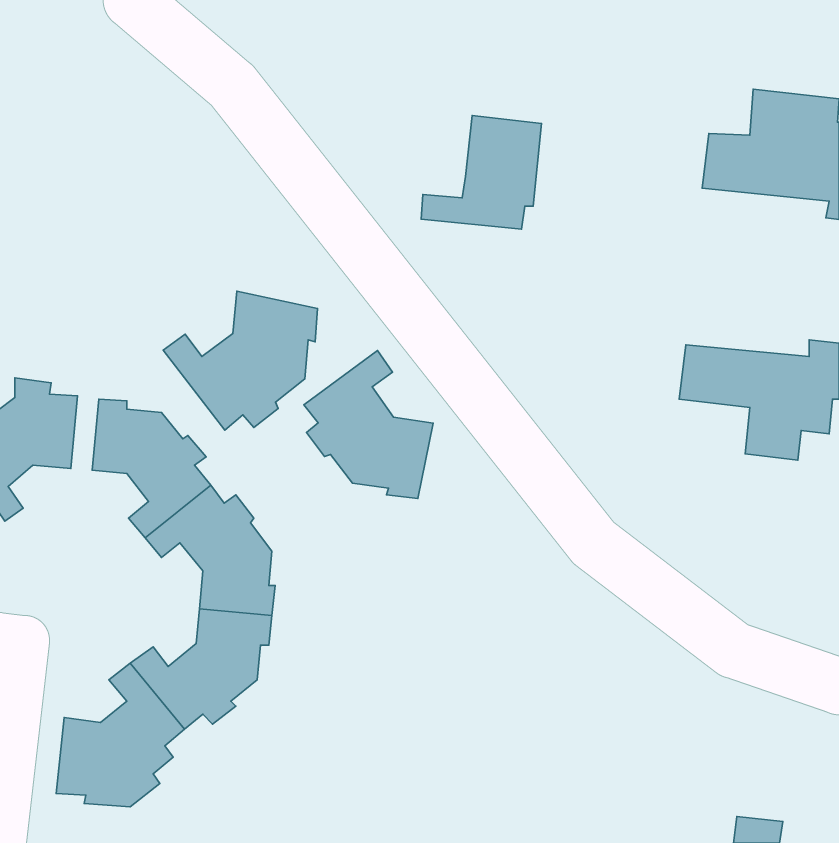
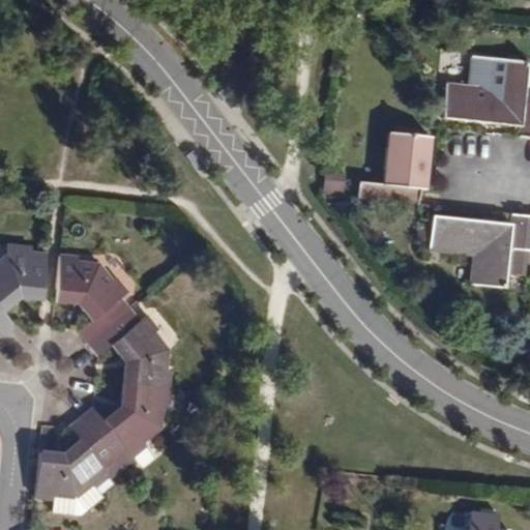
building: [421,115,541,229] -> [354,131,430,203]
building: [163,291,318,430] -> none
building: [304,351,433,499] -> none

